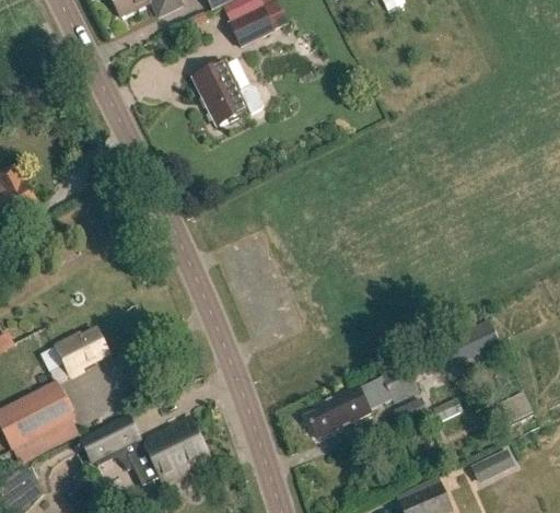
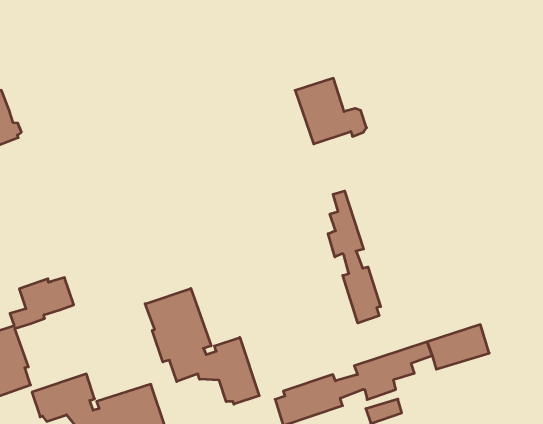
building: [192,62,264,126] -> [295,78,367,144]
building: none -> [328,191,381,323]
building: none -> [145,288,259,404]

